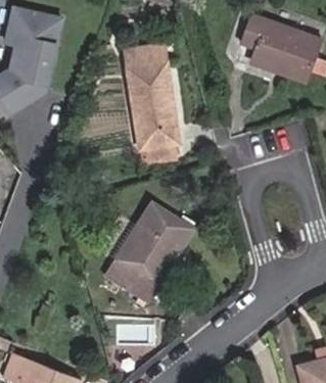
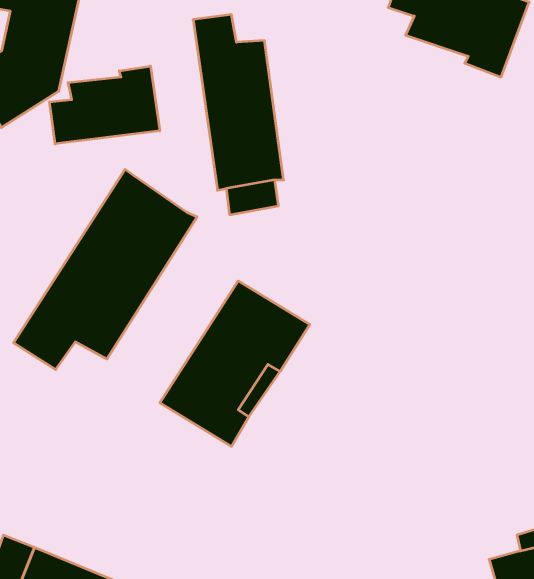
building: none -> [50,66,160,144]
building: none -> [14,169,197,370]

